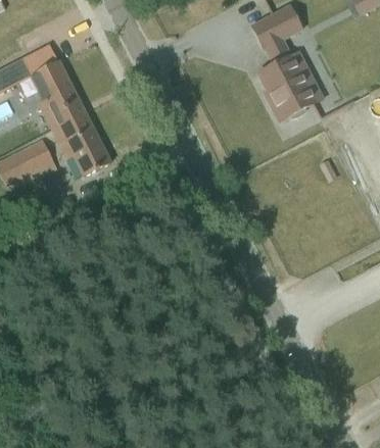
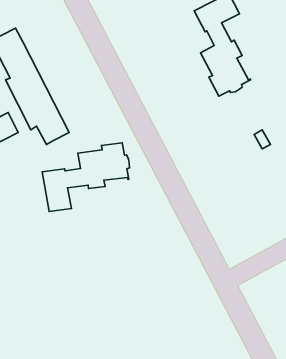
building: none -> [42,143,129,211]

